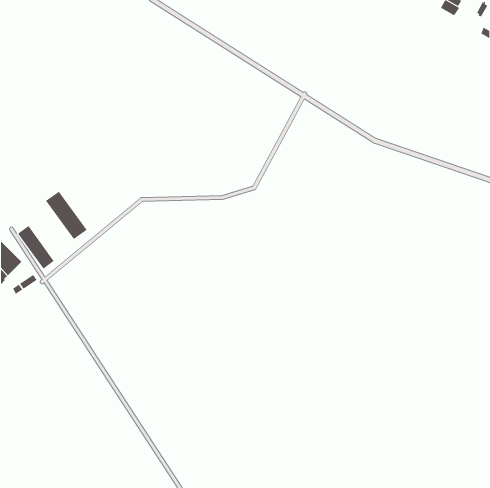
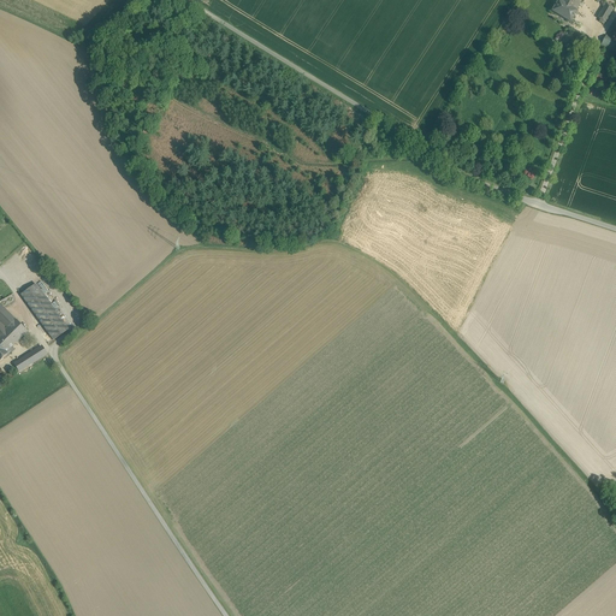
building: [45,191,87,240] -> none

